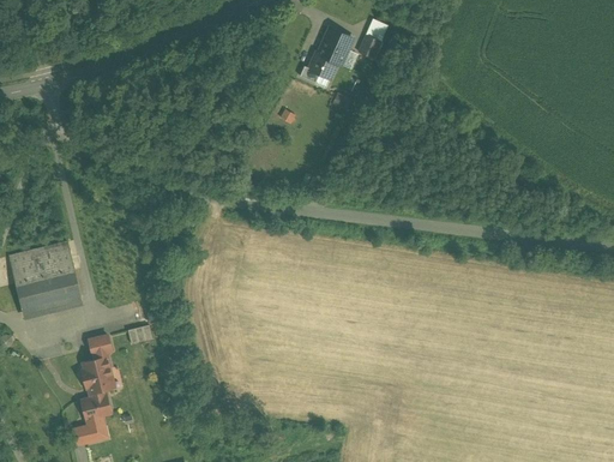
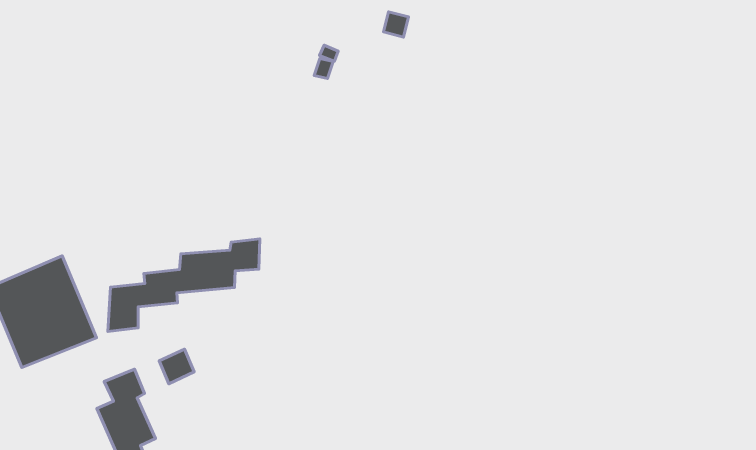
building: none -> [108,239,260,332]

